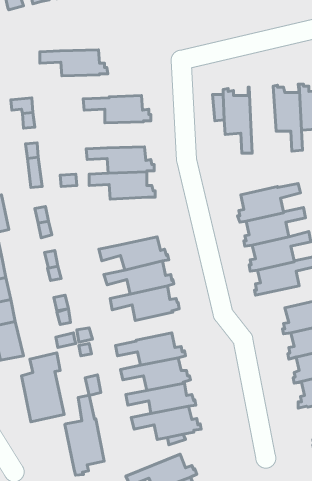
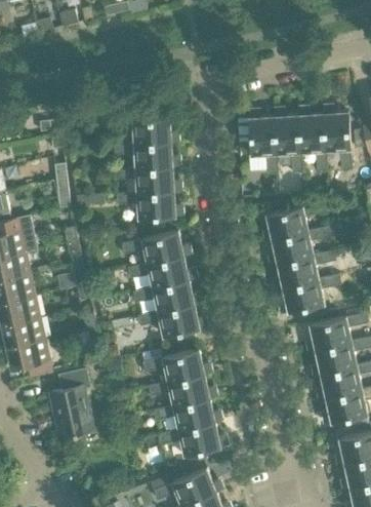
building: [40,50,108,76] -> [113,143,179,168]
building: none -> [274,108,301,172]
building: none -> [121,231,190,264]
building: [65,395,104,475] -> none

